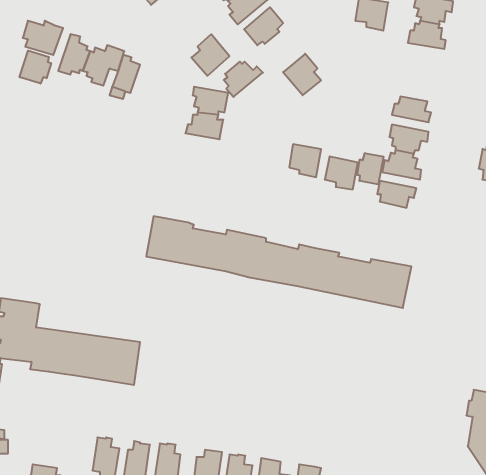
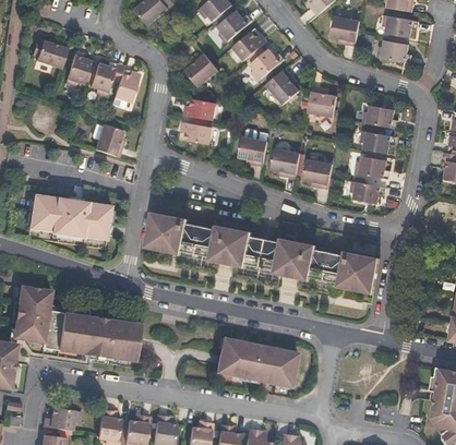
building: [20,51,51,84] -> none
building: [224,62,263,97] -> [249,48,284,80]
building: none -> [308,87,338,117]
building: none -> [92,123,123,157]
building: none -> [238,135,268,166]
building: [357,153,384,184] -> none
building: none -> [28,194,111,239]
building: none -> [214,338,297,387]
building: none -> [43,408,79,431]

